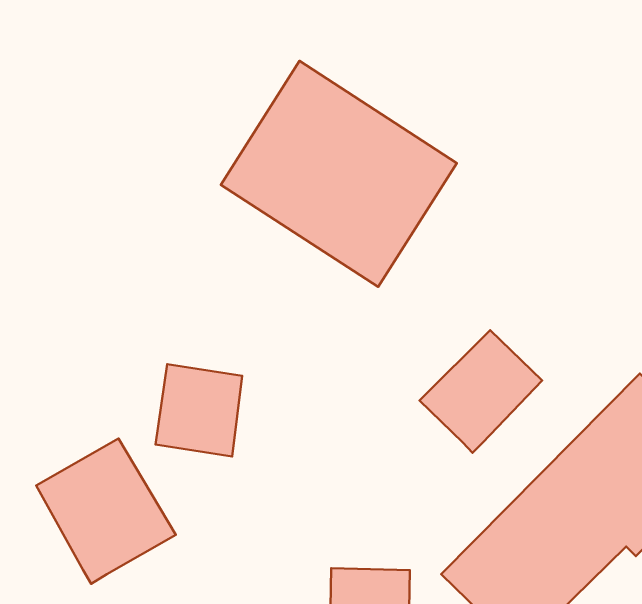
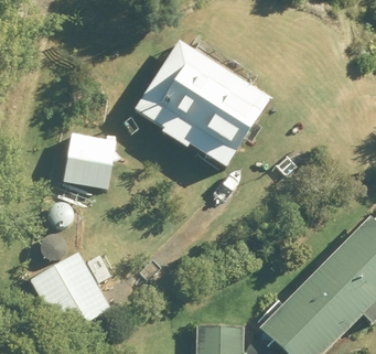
building: [420,330,542,453] -> none
building: [155,364,242,456] -> [65,133,114,185]

